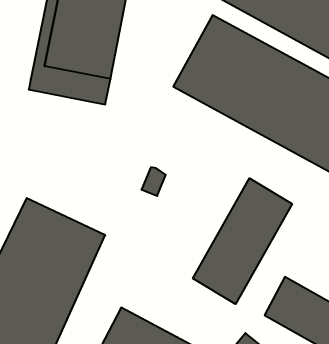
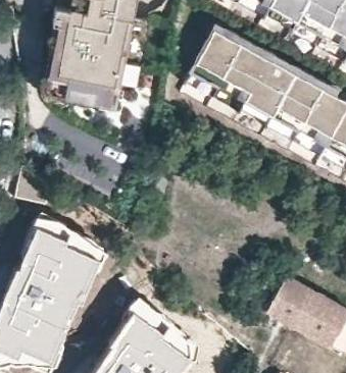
building: [193,178,292,304] -> none

